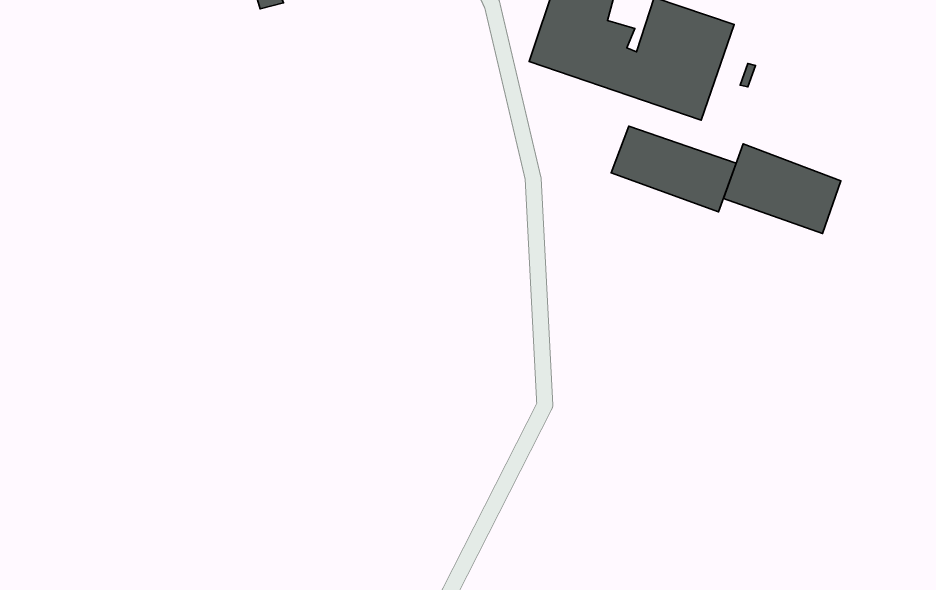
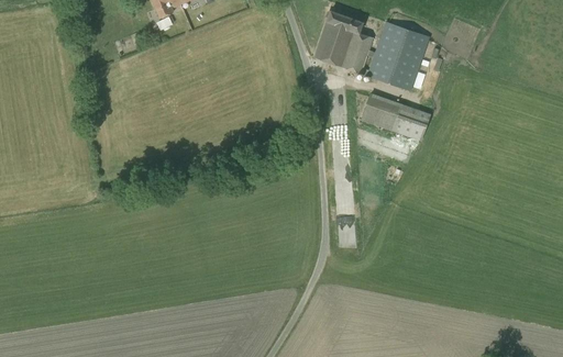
building: [724,144,841,234] -> none

